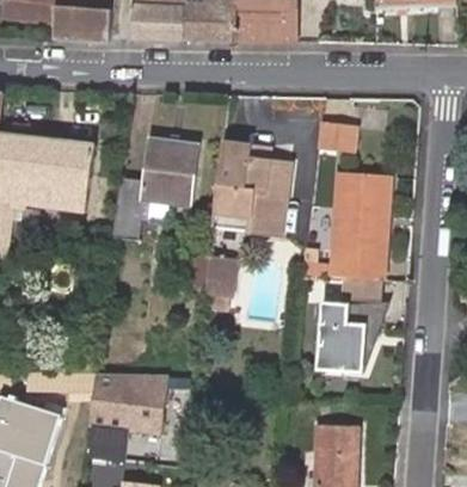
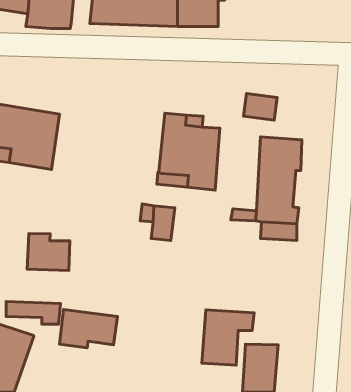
building: [113,135,201,239] -> none
building: none -> [27,233,70,271]
building: [320,302,383,369] -> [202,310,254,365]
building: [90,424,128,463] -> none

